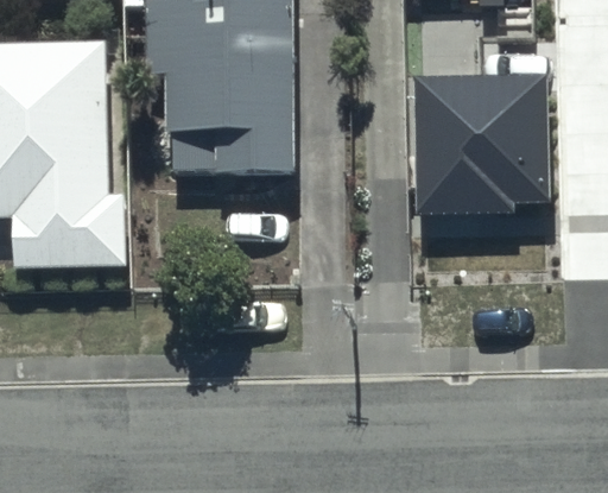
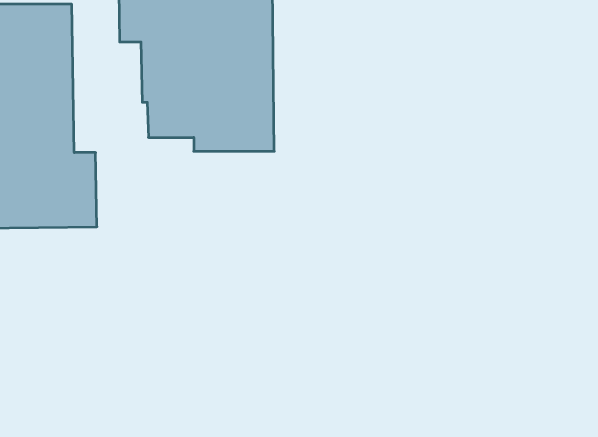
building: [418,72,551,209] -> none

